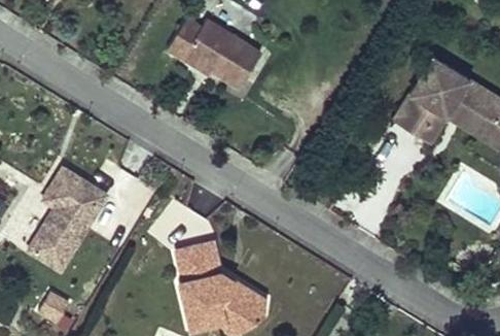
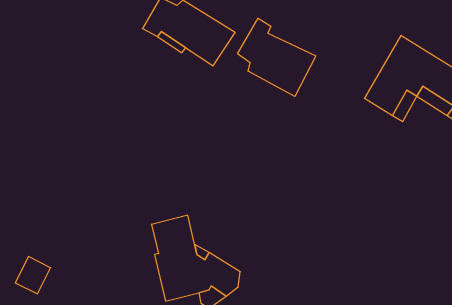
building: none -> [238,18,316,96]
building: [29,169,107,272] -> none

